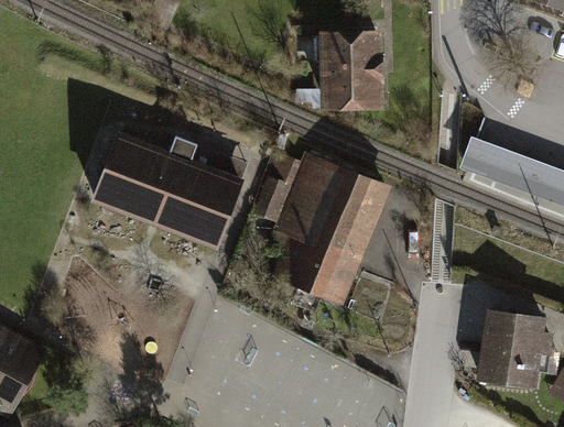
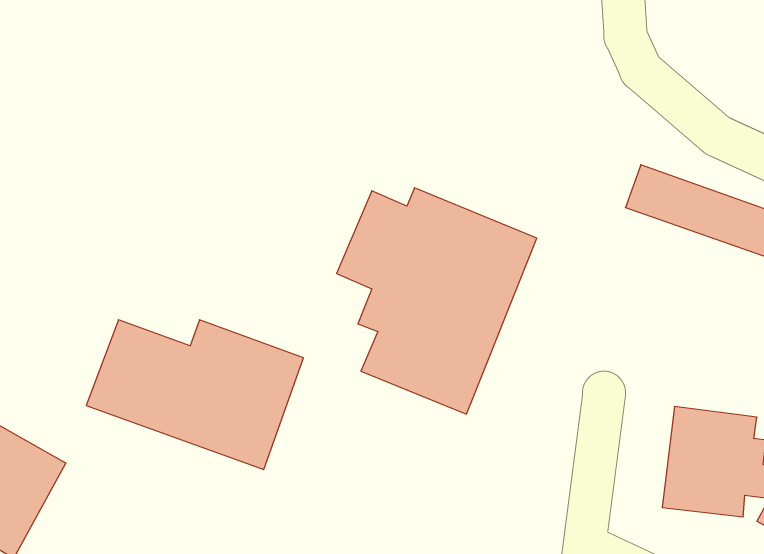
building: [316,35,382,119] -> none
building: [90,136,247,244] -> [86,320,303,470]

